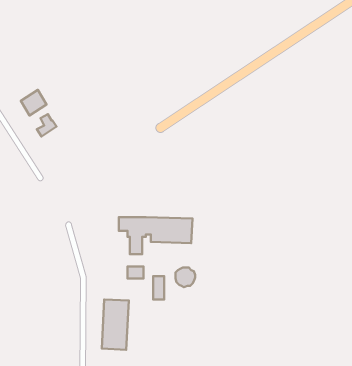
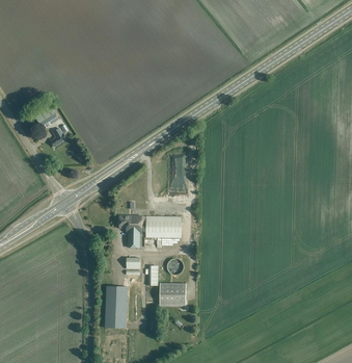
building: none -> [160,283,186,307]

